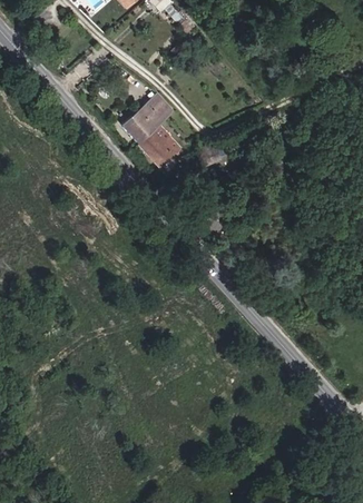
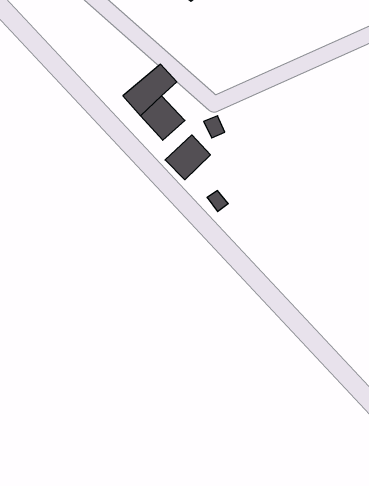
building: none -> [165,135,210,180]

